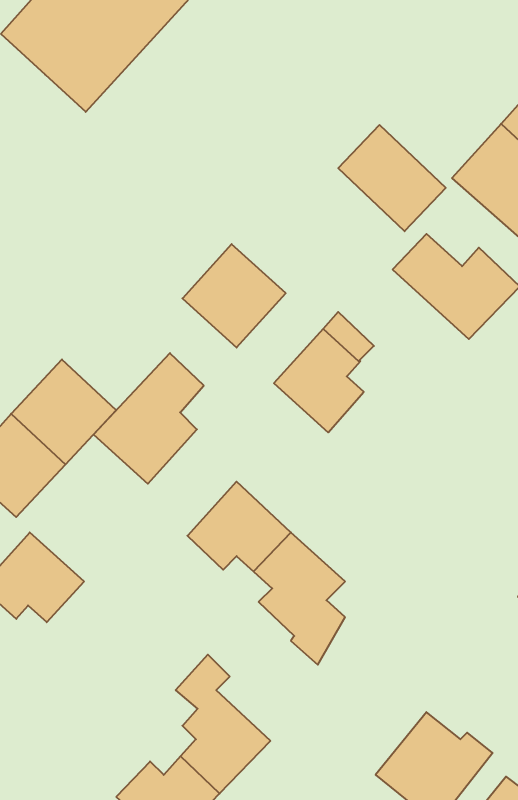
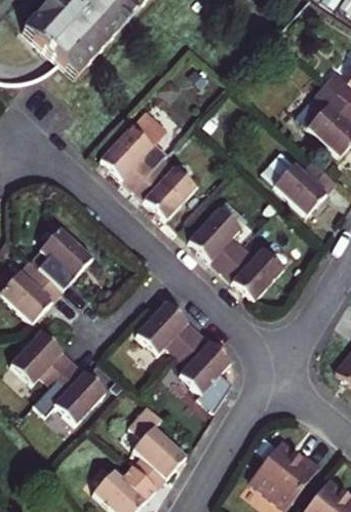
building: [338,125,446,231] -> none
building: [94,353,204,484] -> [101,111,167,190]
building: none -> [222,246,284,301]
building: none -> [34,361,107,424]

